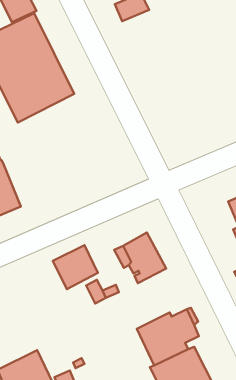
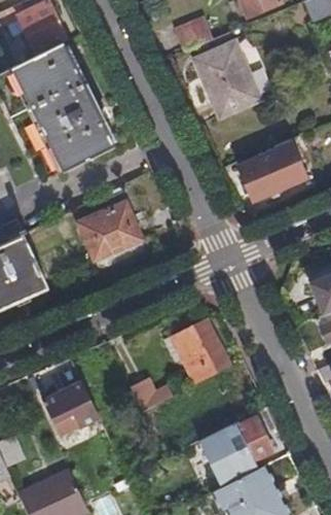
building: none -> [193,40,260,115]
building: none -> [238,138,304,198]
building: none -> [79,203,142,260]
building: [53,245,98,289] -> [42,381,99,437]

